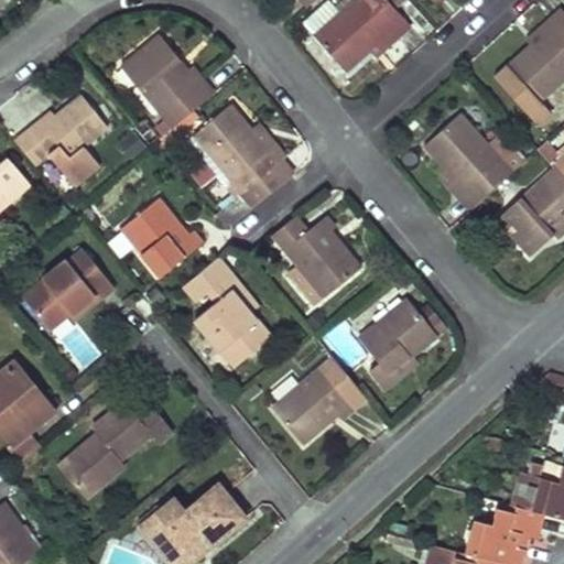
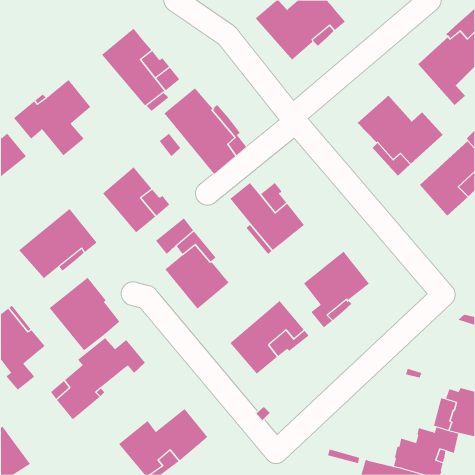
building: none -> [49,277,120,351]

